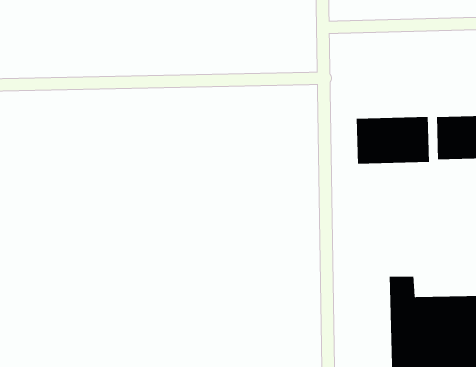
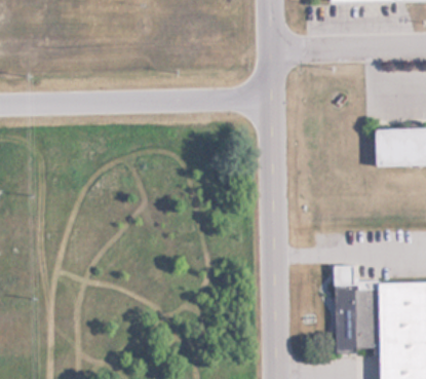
building: [356,116,430,164] -> none

